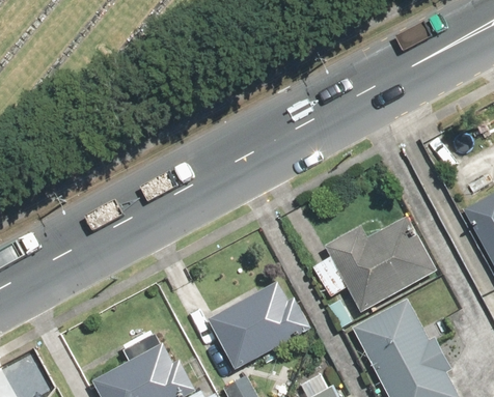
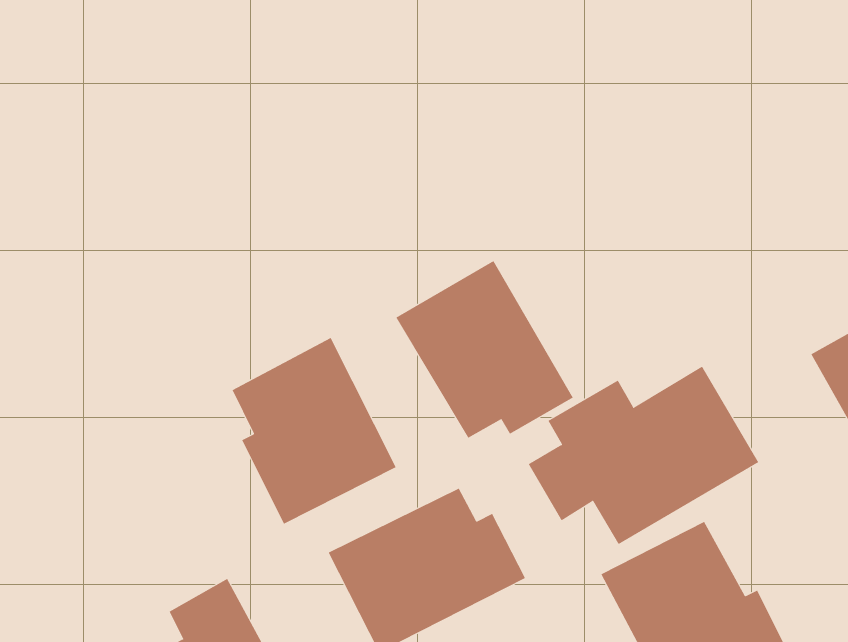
building: none -> [395,260,574,439]
building: none -> [232,337,397,525]

